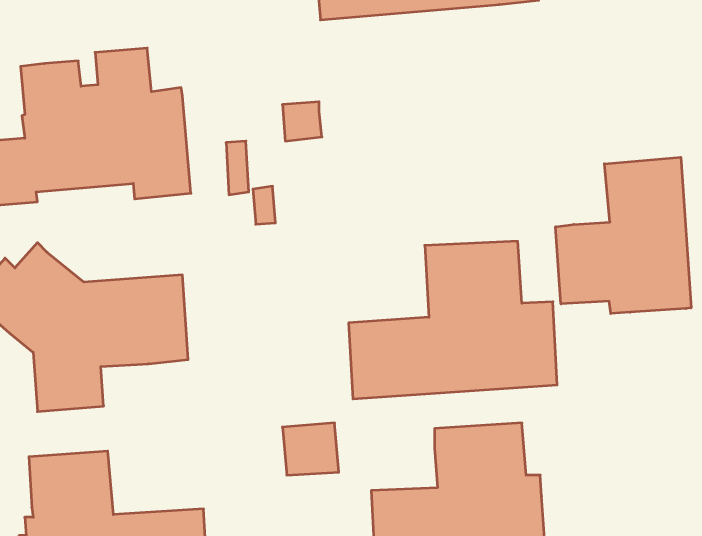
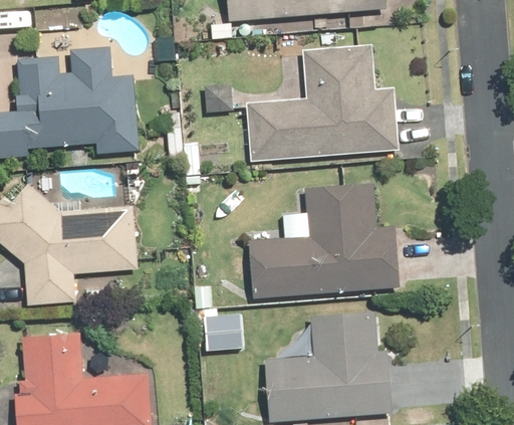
building: none -> [245,43,399,161]
building: [556,157,691,314] -> none

